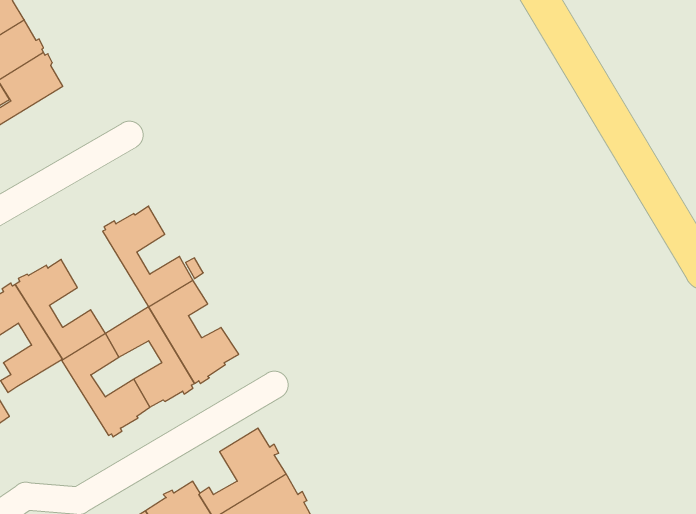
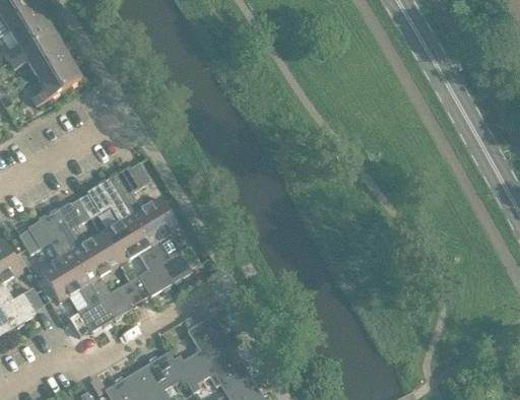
building: none -> [77,180,137,250]
building: none -> [47,268,110,337]

